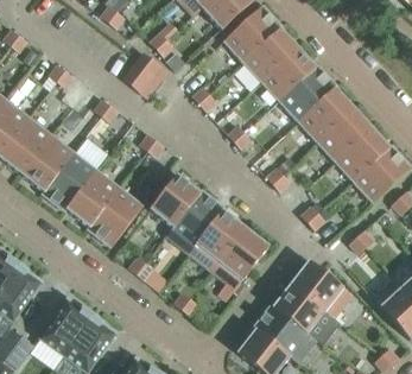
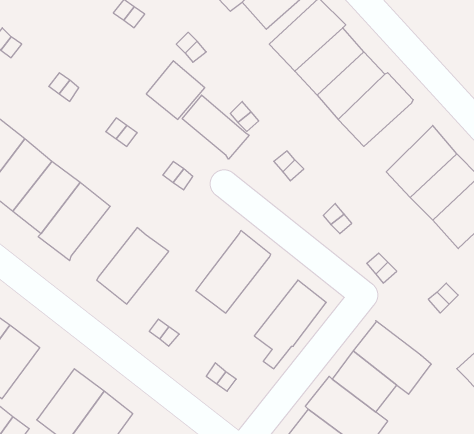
building: none -> [182,95,249,159]
building: [298,88,353,142] -> none
building: [66,170,119,226] -> none
building: [150,173,199,227] -> none
building: [189,210,246,272] -> none

